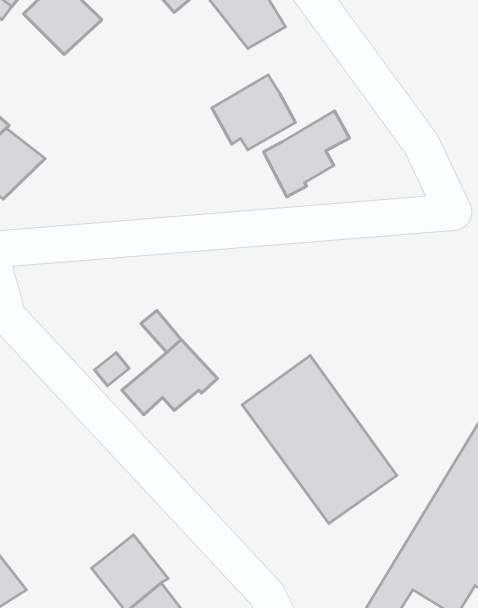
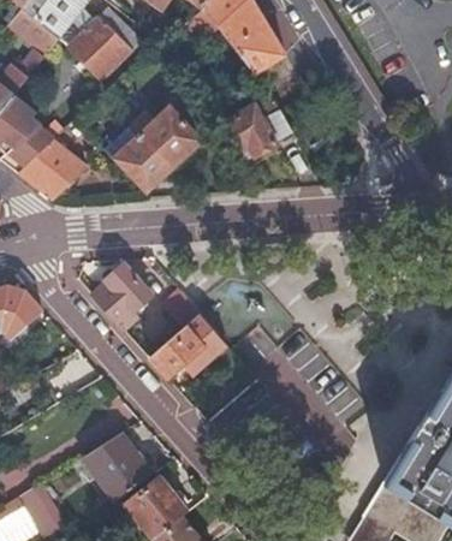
building: none -> [106,105,202,194]
building: [263,111,350,197] -> none
building: none -> [93,264,151,329]
building: none -> [82,433,151,503]

